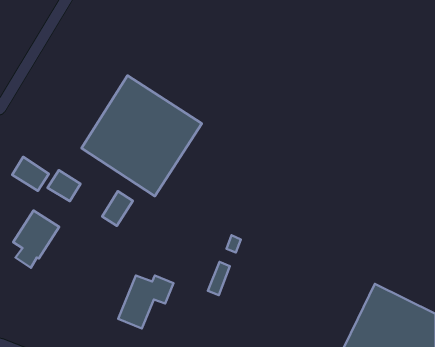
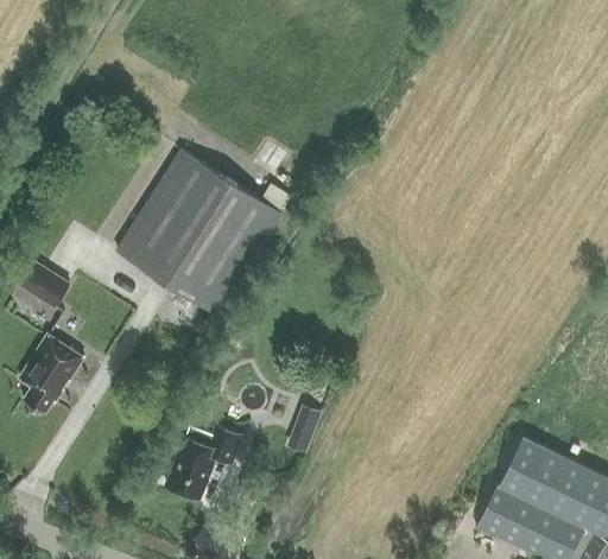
building: [47,170,81,201] -> none
building: [102,191,133,226] -> none

